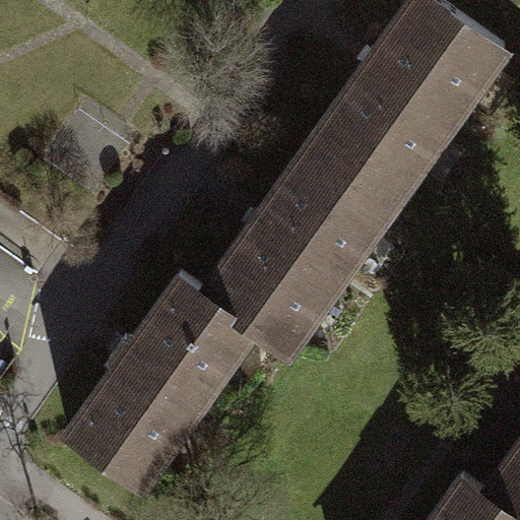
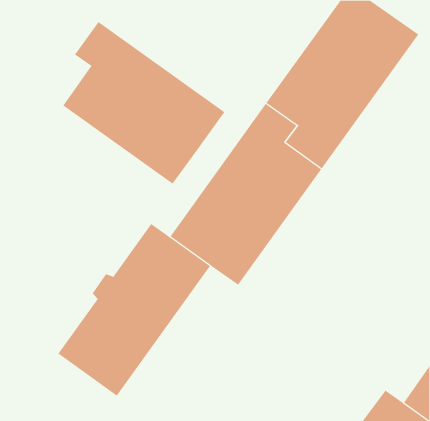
building: none -> [62,21,225,184]

